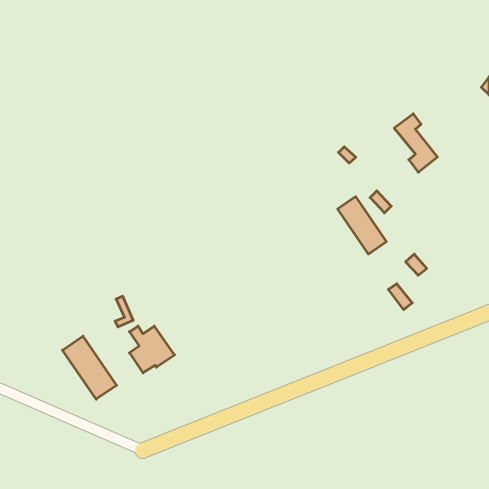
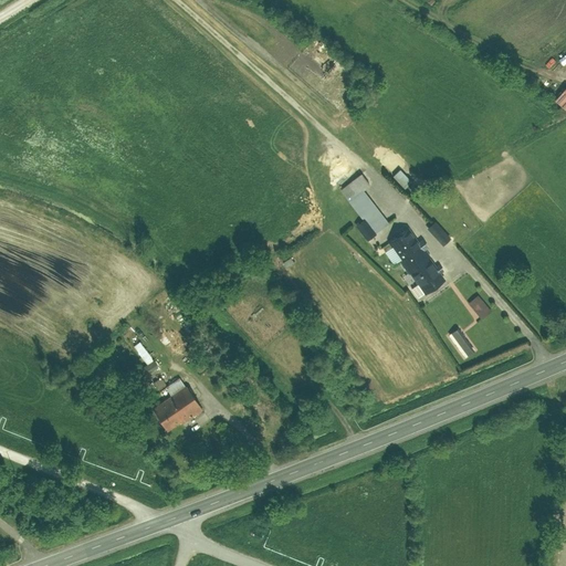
building: [394,114,437,172] -> [339,174,389,241]
building: [62,336,117,399] -> none

